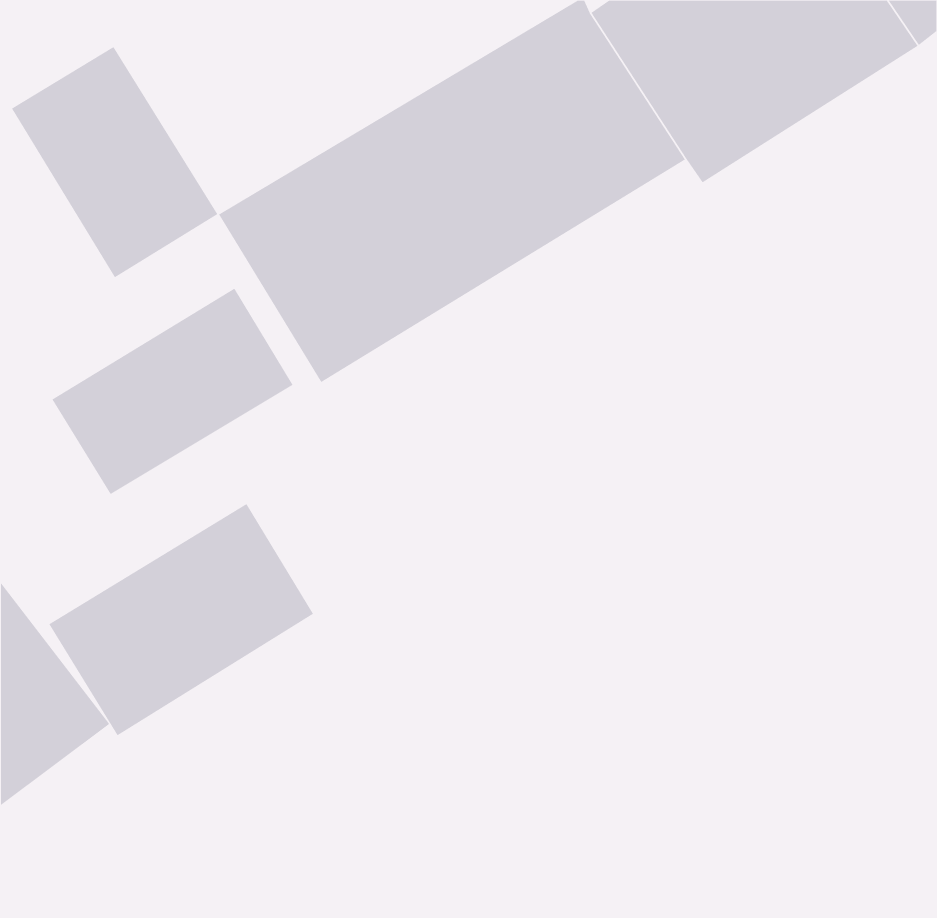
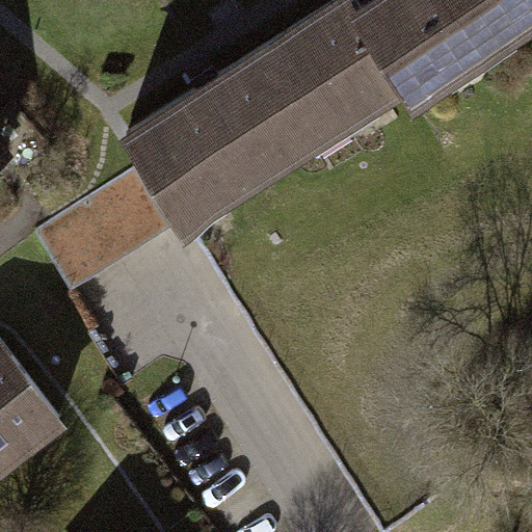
building: [11,46,218,278] -> none
building: [48,503,314,736] -> none

